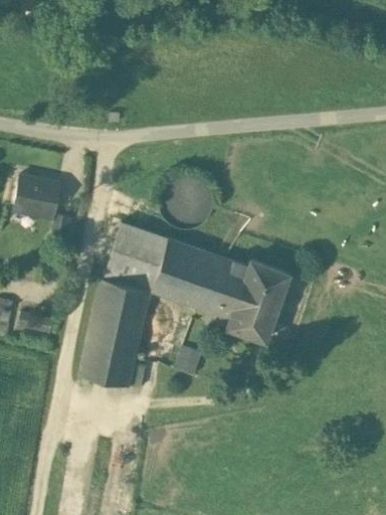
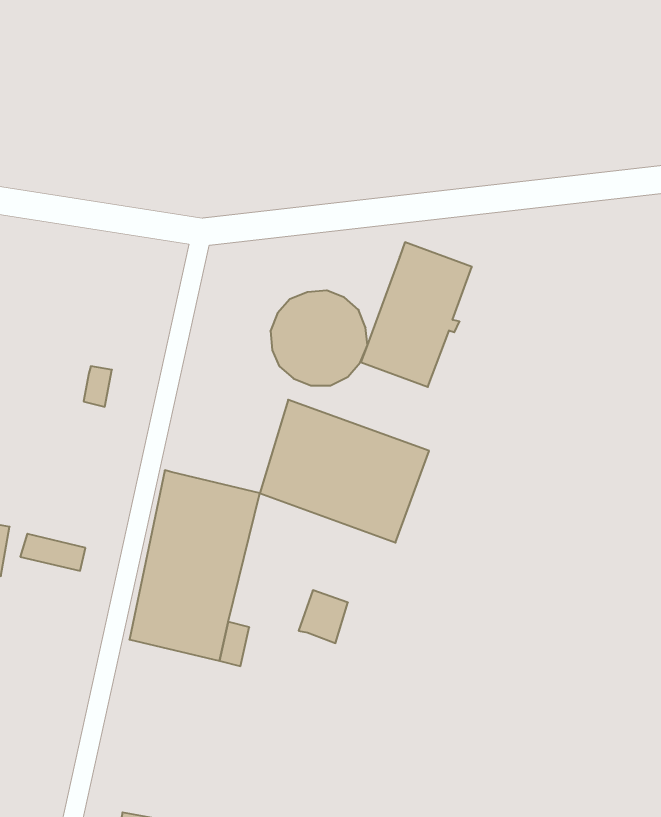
building: [12,178,60,222] -> none
building: [103,222,169,292] -> none
building: [227,260,291,342] -> [361,242,472,387]

